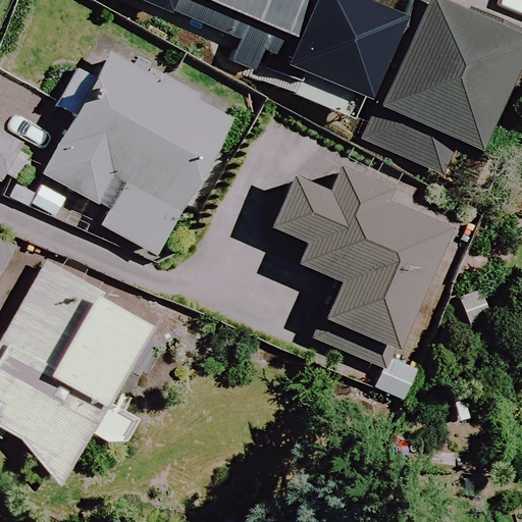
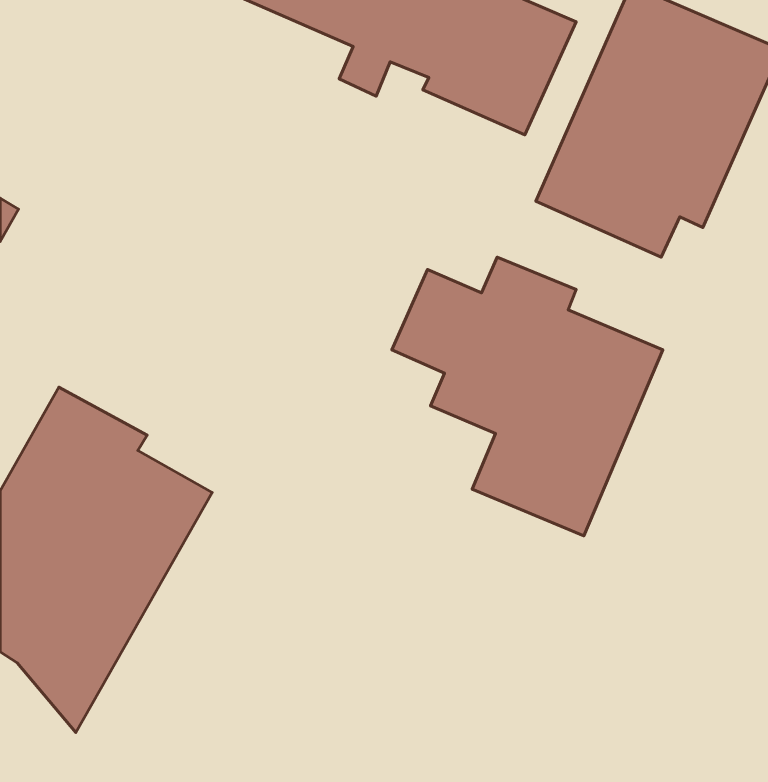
building: [47,49,234,252] -> none

